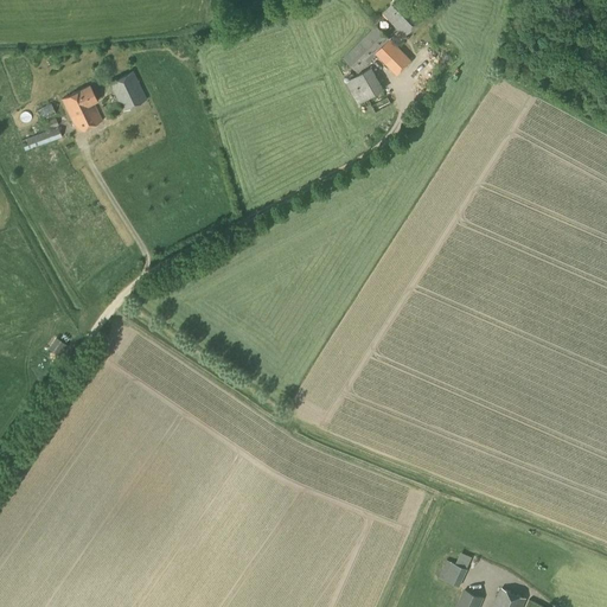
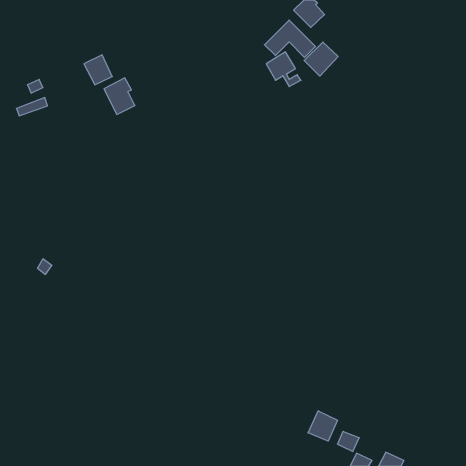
building: none -> [304,42,338,76]
building: [62,85,102,133] -> [104,78,135,114]
building: none -> [308,411,337,441]

